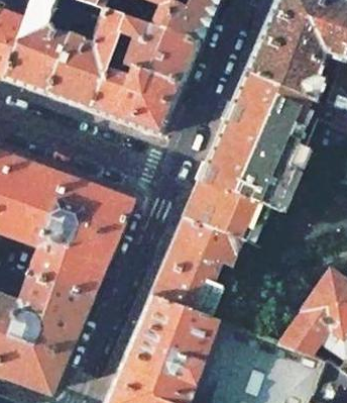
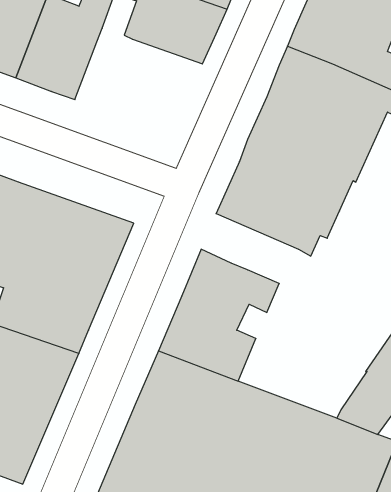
building: [89,66,183,136] -> none
building: [182,194,253,246] -> none

